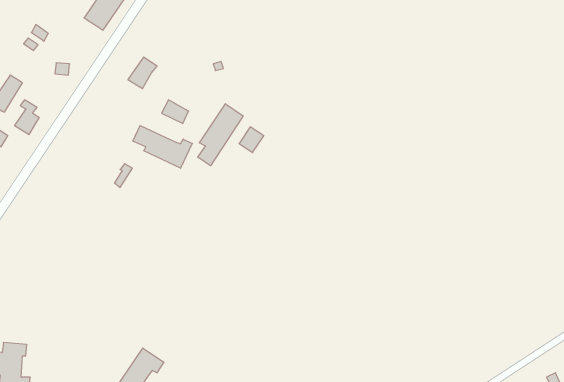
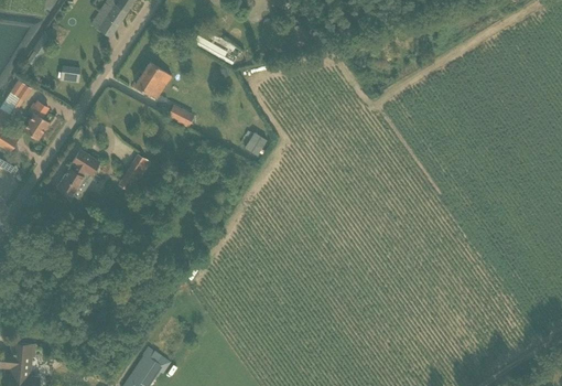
building: [198,104,243,166] -> none
building: [133,126,192,168] -> none
building: none -> [57,151,98,195]

